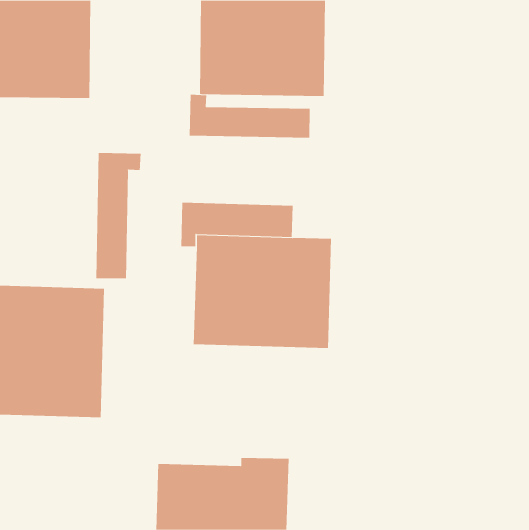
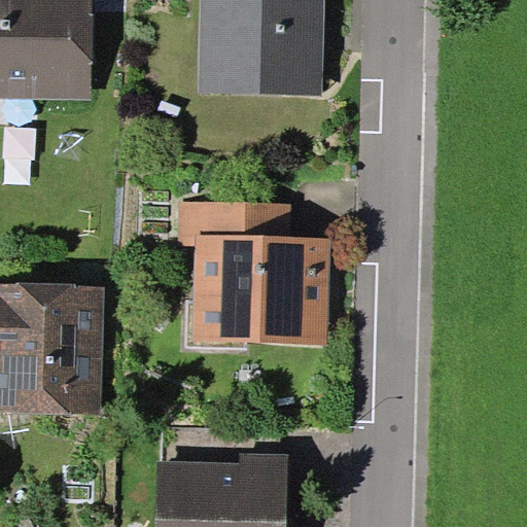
building: [189,94,310,139] -> none
building: [96,152,141,279] -> none

